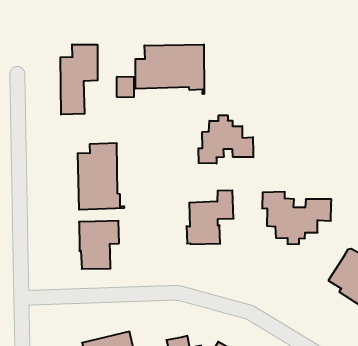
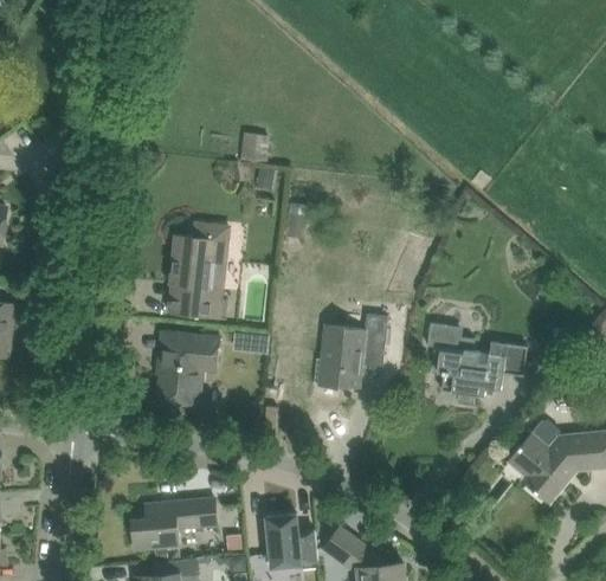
building: [135,44,204,94] -> none
building: [60,44,98,115] -> none
building: [198,115,253,164] -> none

